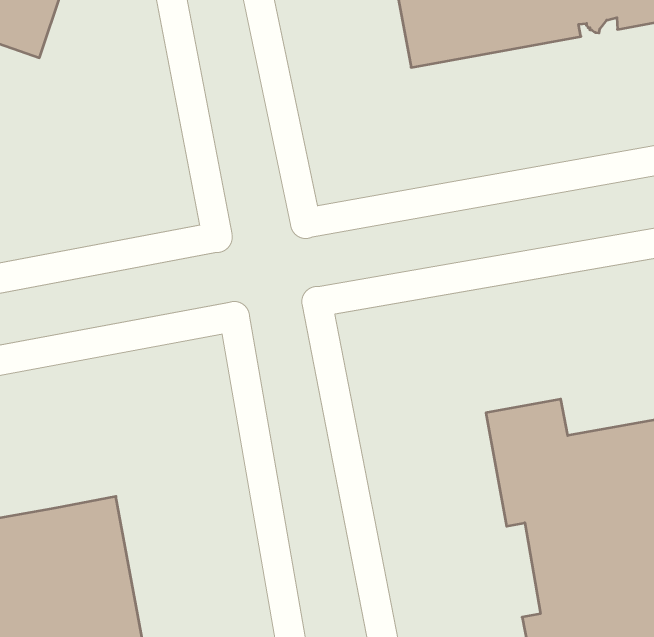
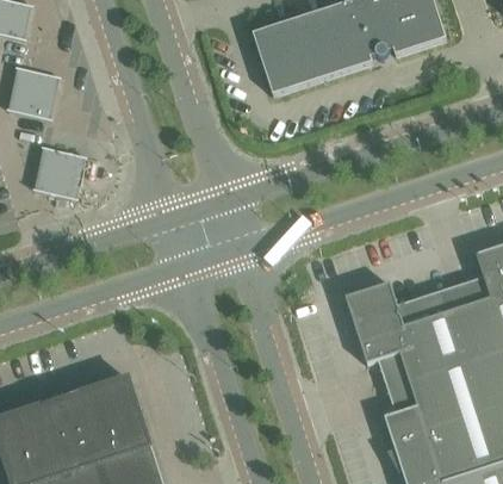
building: none -> [39,148,83,198]

